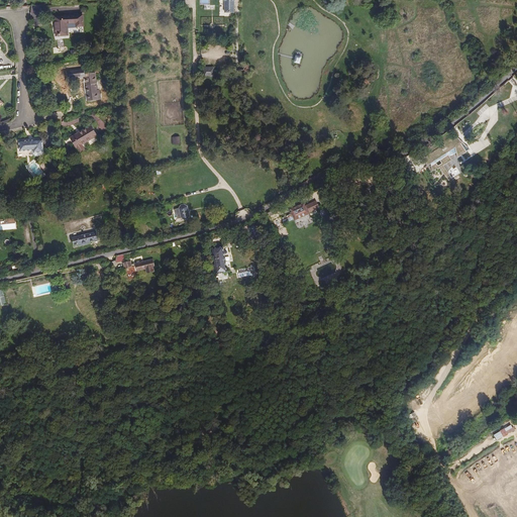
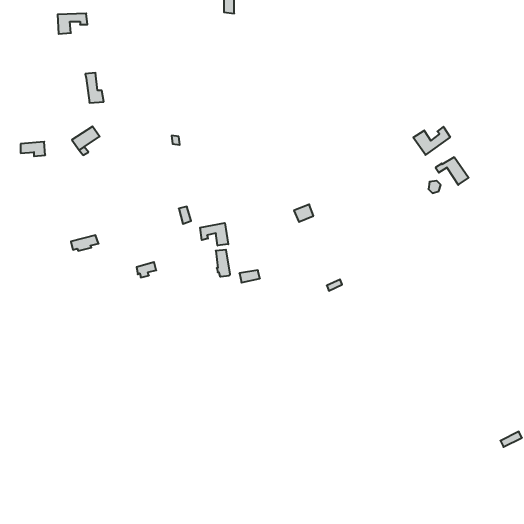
building: none -> [413,127,450,155]
building: none -> [200,223,228,246]

